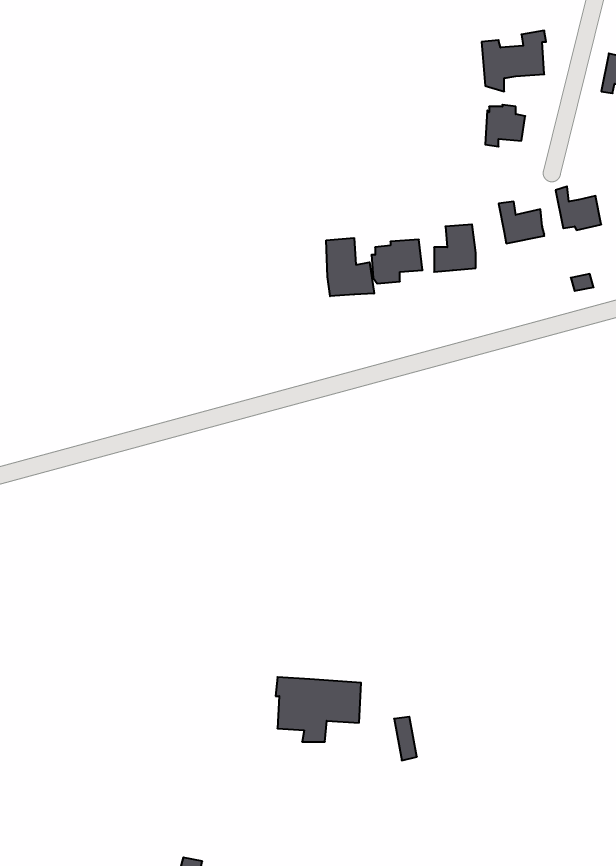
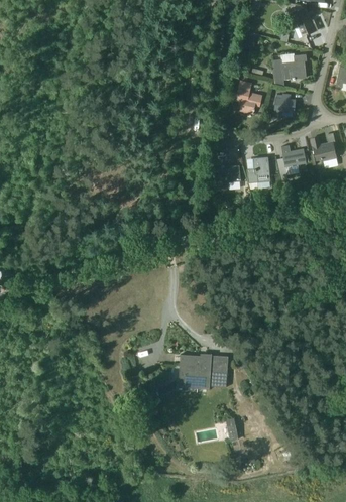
building: none -> [236,81,261,112]
building: [326,238,374,296] -> none
building: [276,677,361,742] -> [183,354,228,388]

